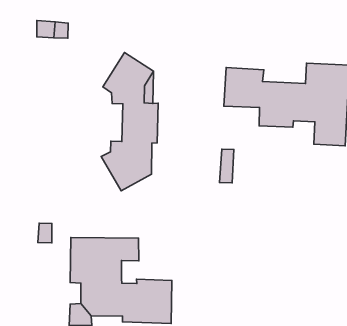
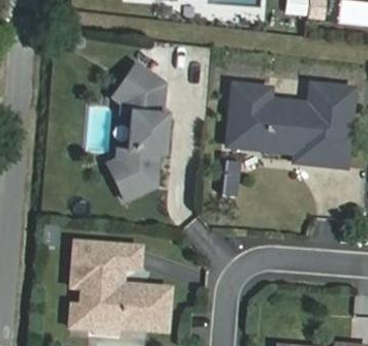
building: none -> [227,123,316,164]

